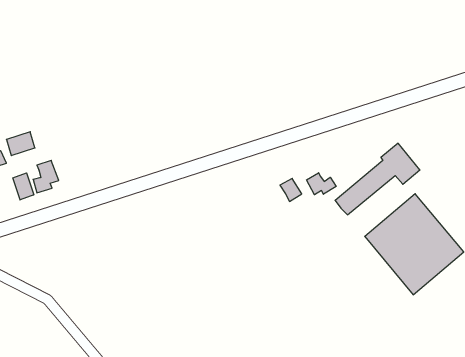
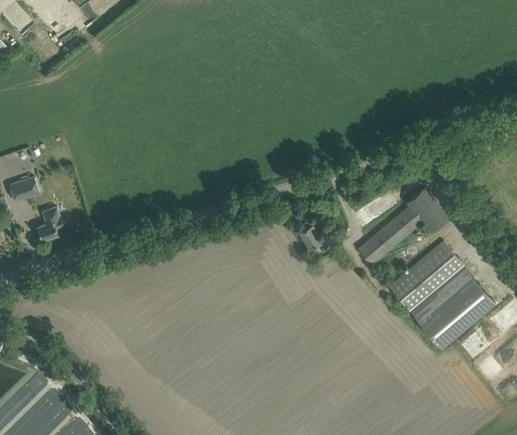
building: [307,173,336,195] -> none
building: [13,173,34,200] -> none

